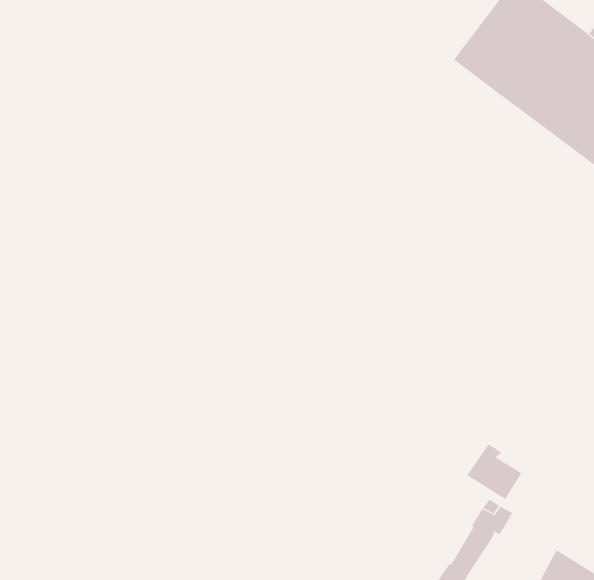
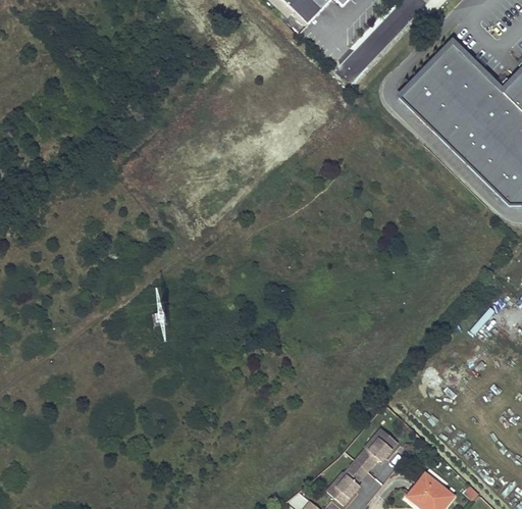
building: [466,443,522,500] -> none

